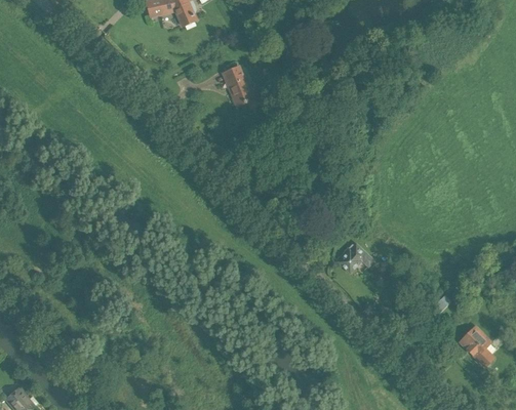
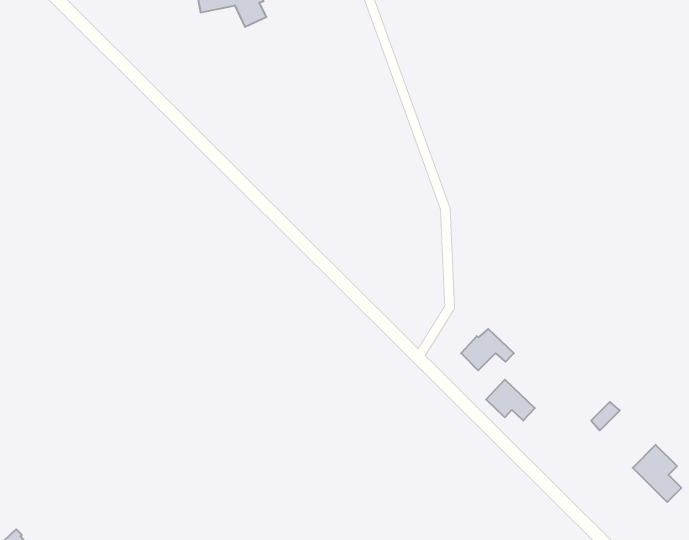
building: [222,67,254,106] -> none
building: none -> [486,380,535,421]

